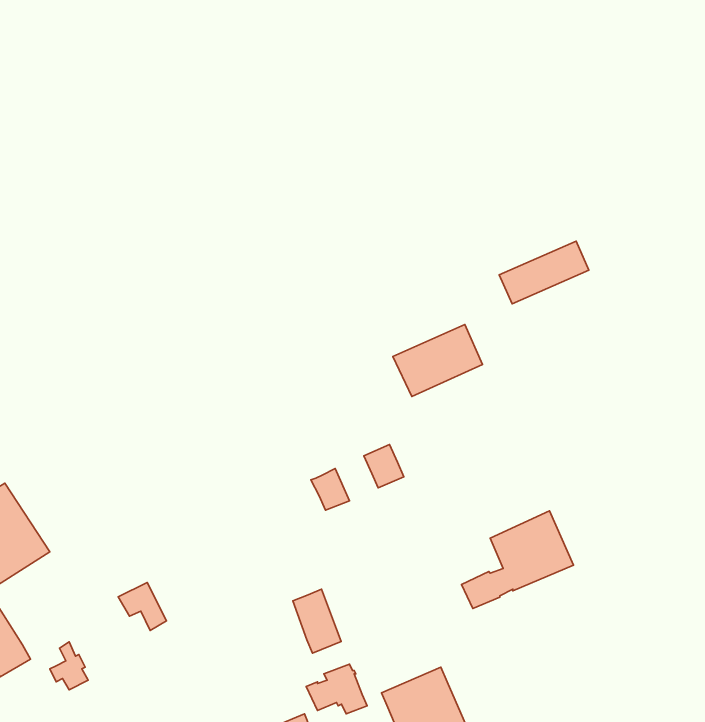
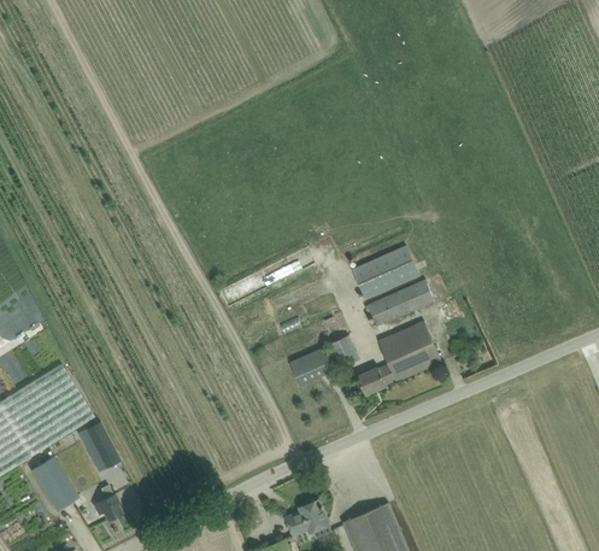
building: [499,241,589,304] -> [366,279,434,326]
building: [461,511,574,609] -> [357,321,441,394]
building: [118,582,166,631] -> [77,422,113,458]
building: [293,589,341,653] -> none

